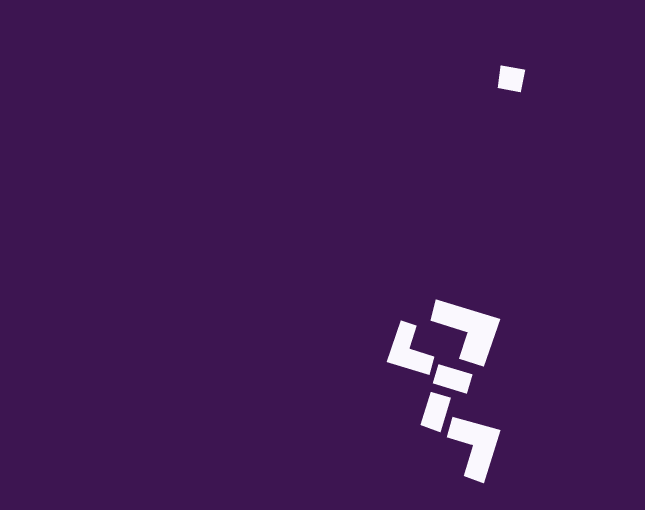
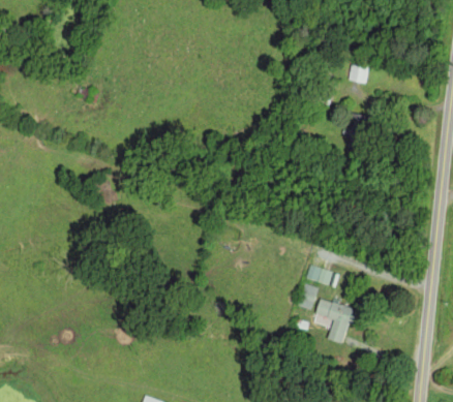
building: [430,298,501,368] -> none
building: [386,319,435,376] -> none

